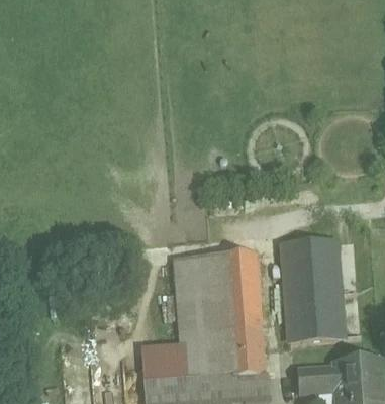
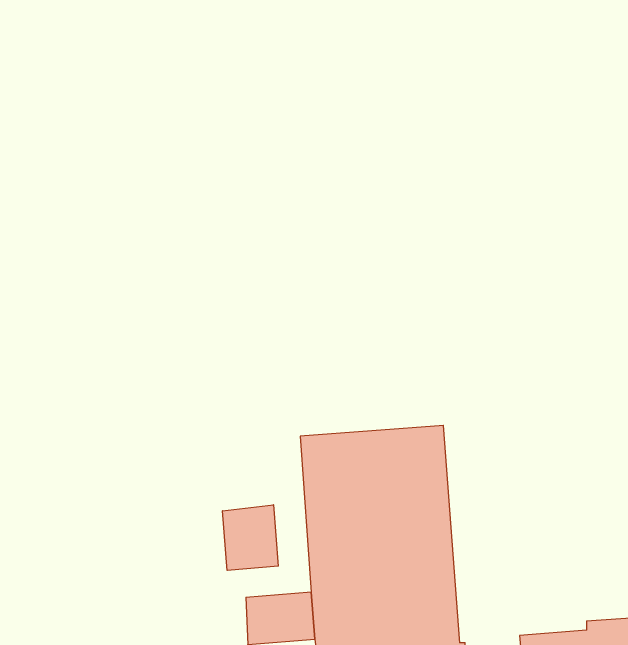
building: [286,244,344,337] -> none
building: none -> [223,505,278,570]

